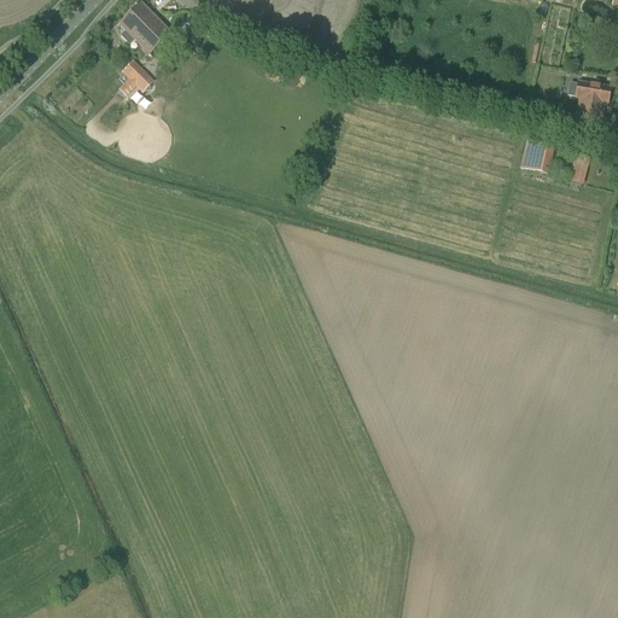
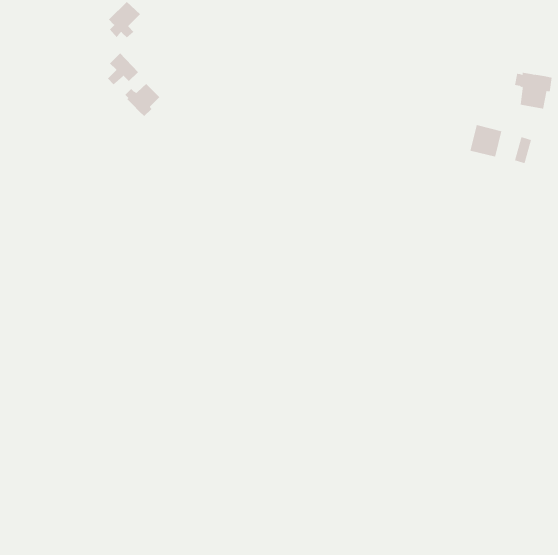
building: [140,16,170,52] -> none
building: none -> [124,83,160,117]

